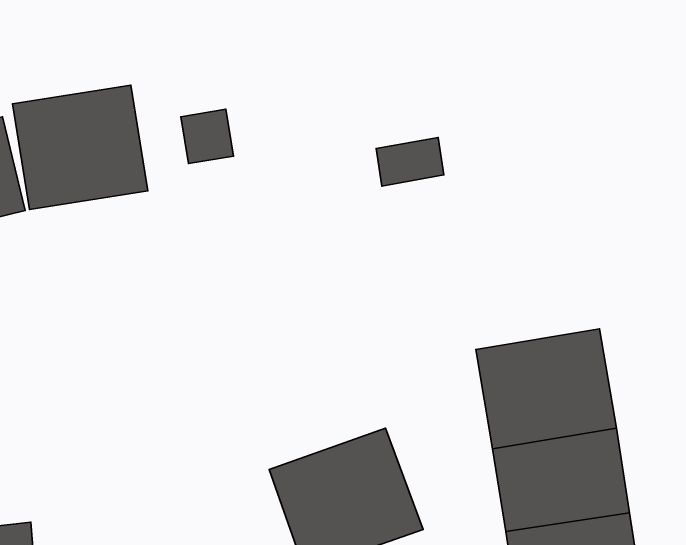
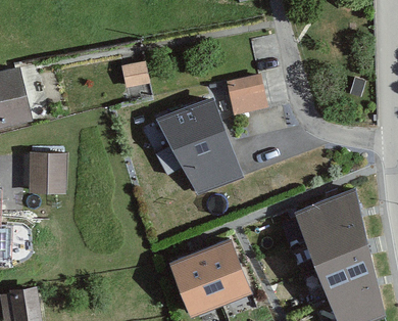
building: [12,85,148,210] -> none
building: none -> [155,95,246,198]
building: none -> [28,152,65,196]

